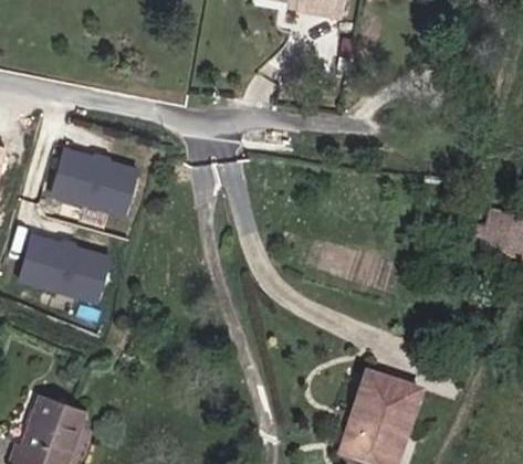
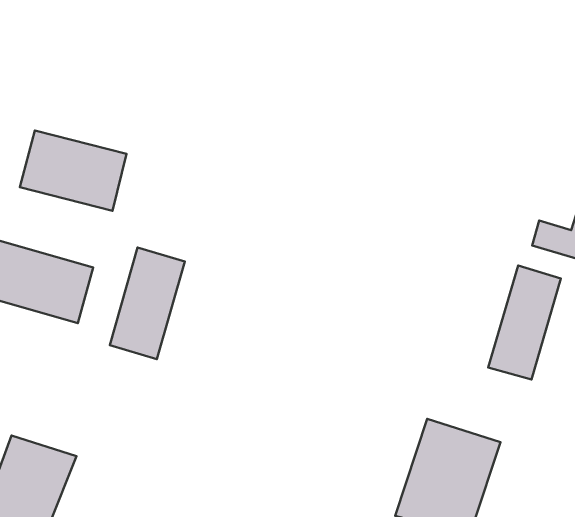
building: none -> [110,247,185,359]
building: none -> [488,265,561,379]

